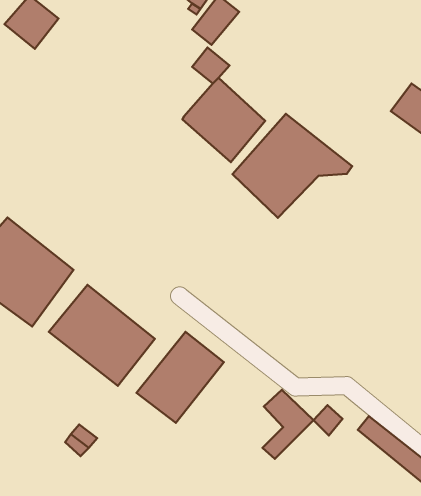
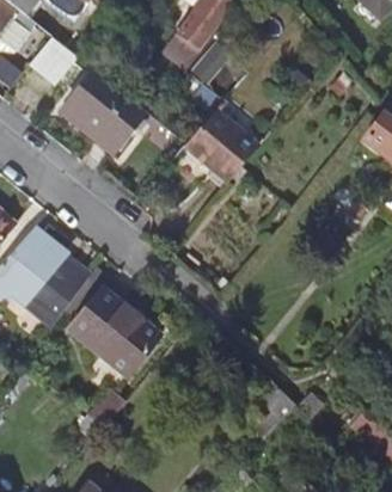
building: none -> [60,68,146,153]
building: [233,114,352,218] -> none
building: [137,332,224,423] -> none

